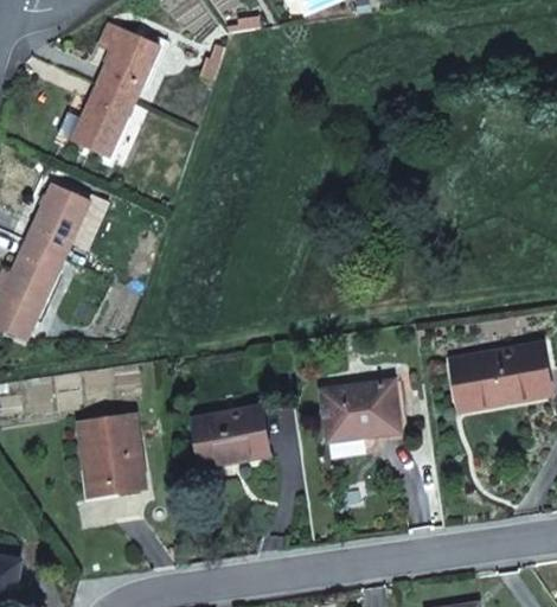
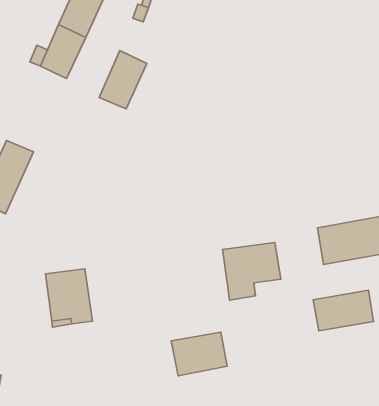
building: [26,177,91,256] -> [99,50,147,109]
building: [192,407,268,466] -> [171,332,227,376]
building: none -> [313,290,374,331]

